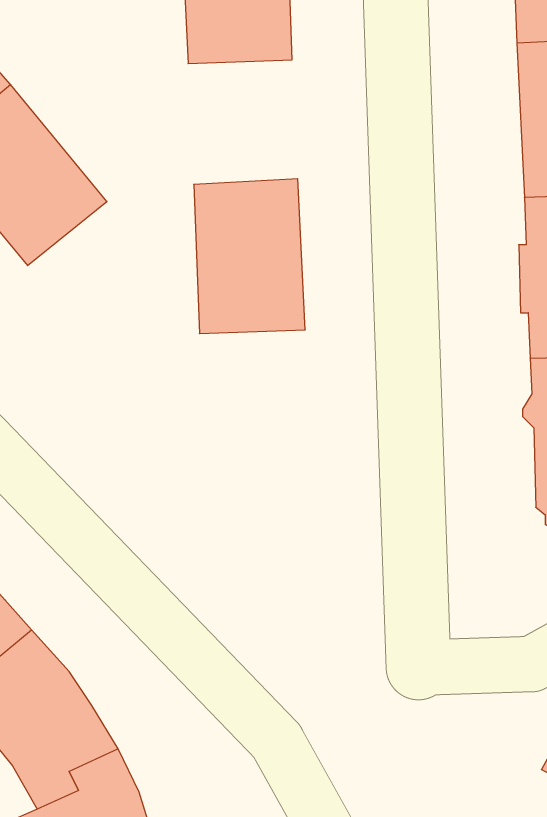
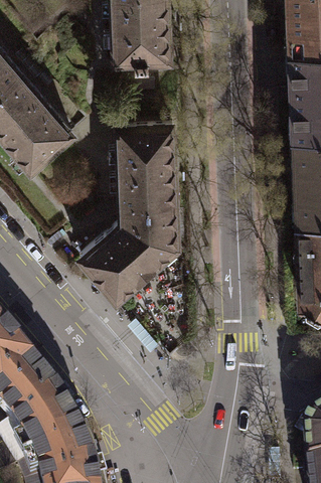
building: none -> [76,199,177,292]

